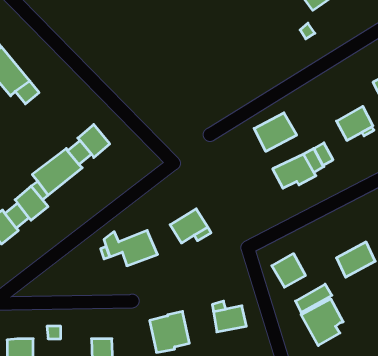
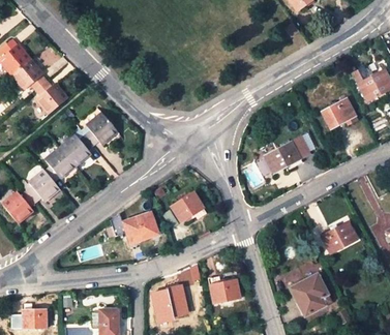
building: none -> [35,84,66,114]
building: [254,113,297,151] -> none
building: [272,254,305,287] -> none

